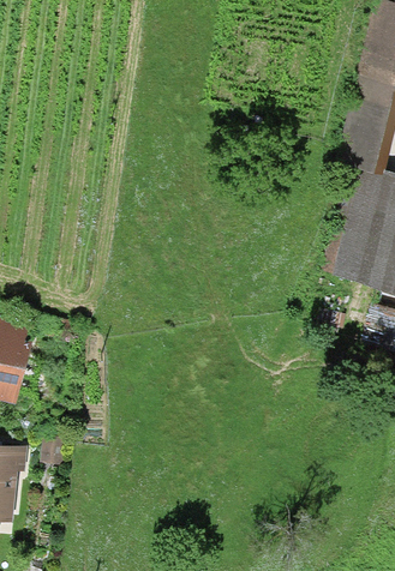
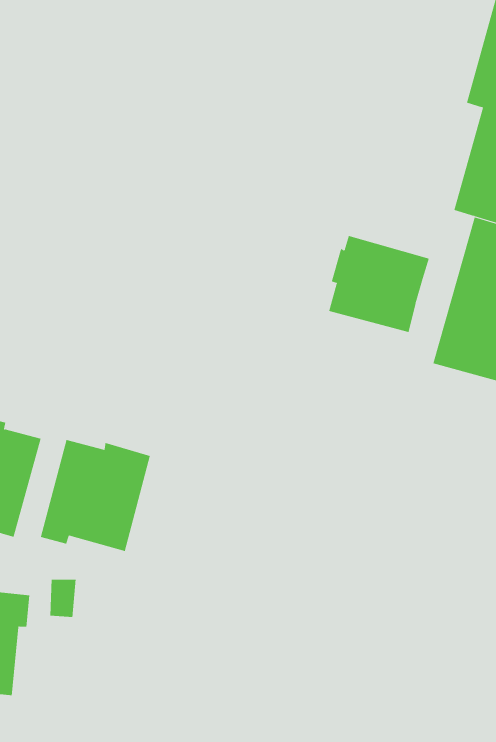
building: none -> [328,235,429,333]
building: none -> [40,439,150,552]

